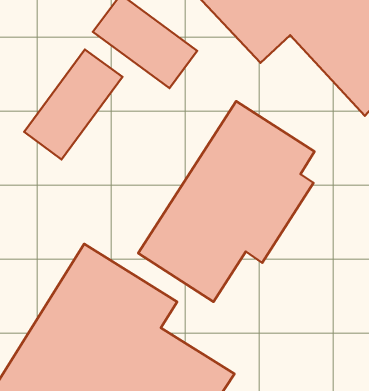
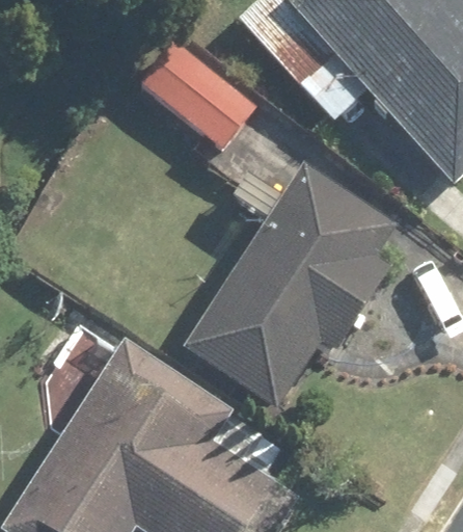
building: [24,49,122,159] -> none

